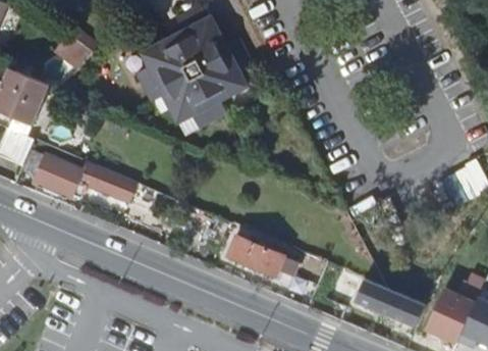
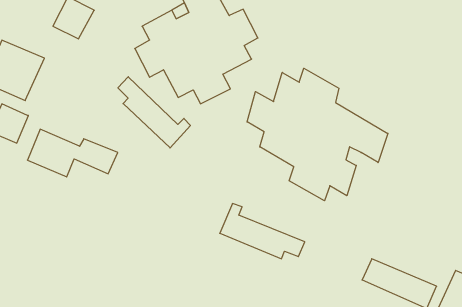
building: none -> [247,68,388,201]
building: none -> [118,77,190,148]

